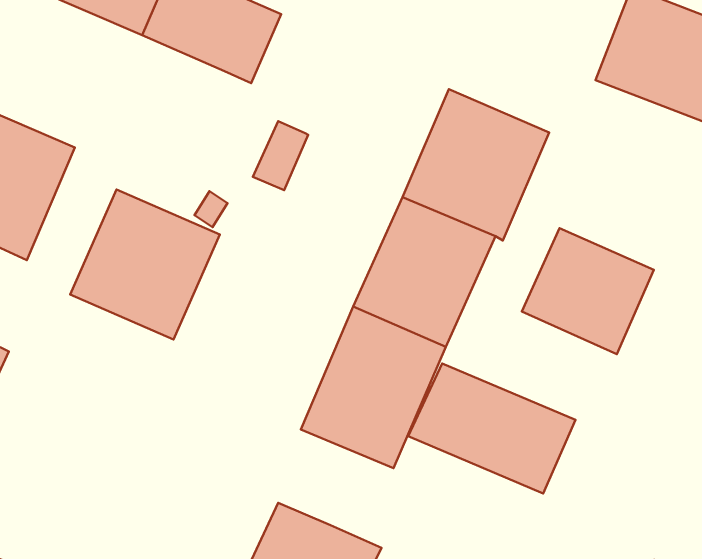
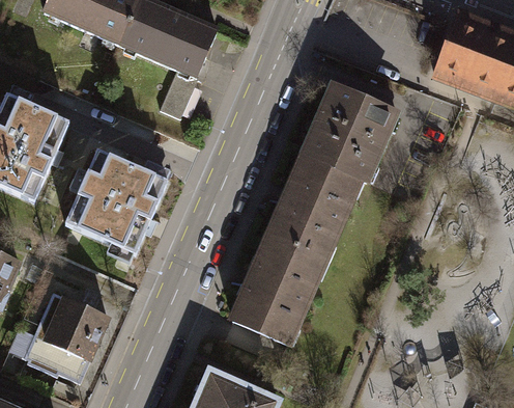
building: [253,121,308,190] -> [156,70,195,117]
building: [522,228,654,354] -> none
building: [408,363,576,494] -> none
building: none -> [27,292,110,382]

